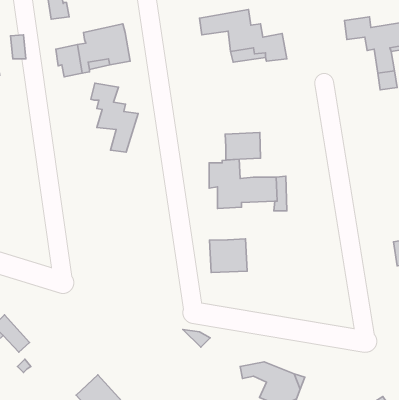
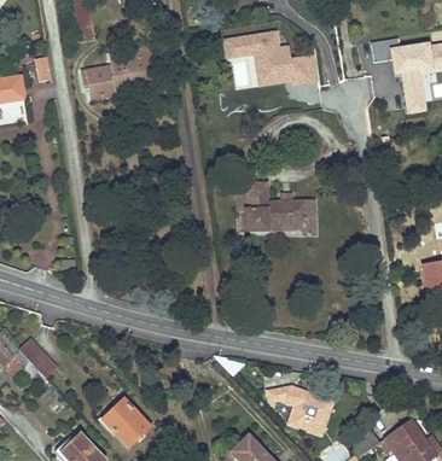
building: [91,83,138,152] -> none
building: [225,133,261,160] -> none
building: [209,239,247,272] -> none

